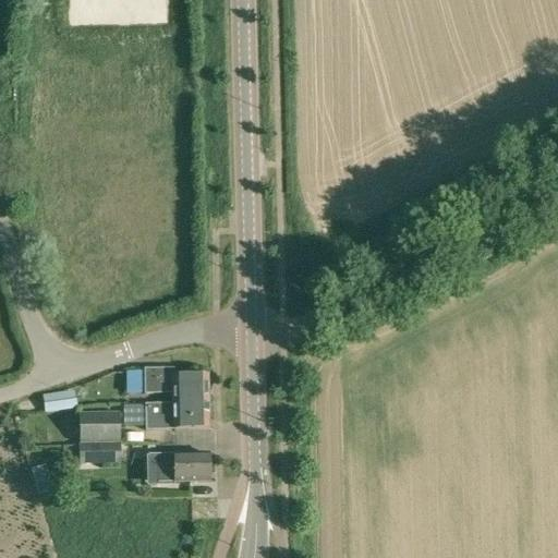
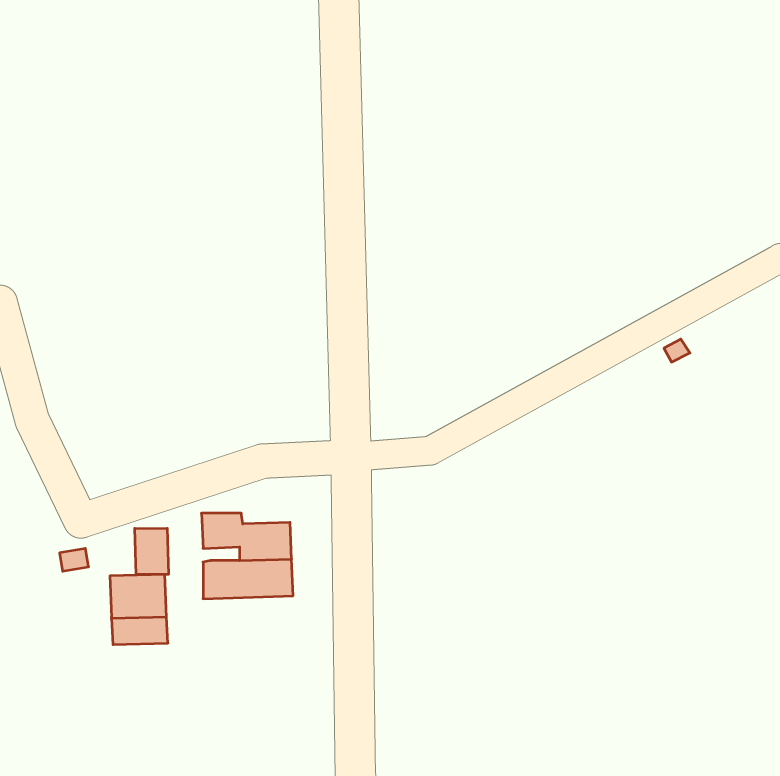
building: none -> [135,528,168,575]
building: [161,452,208,482] -> none

